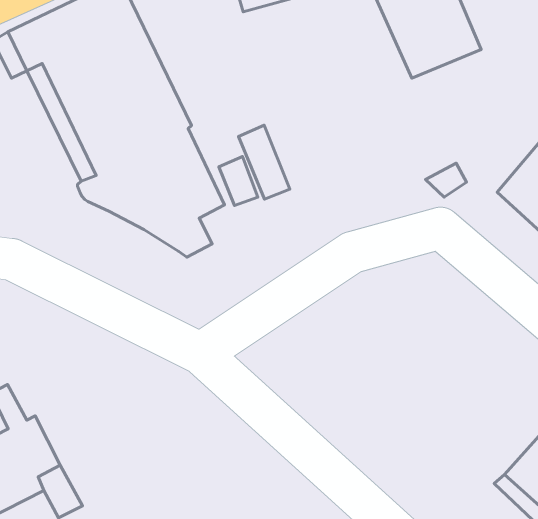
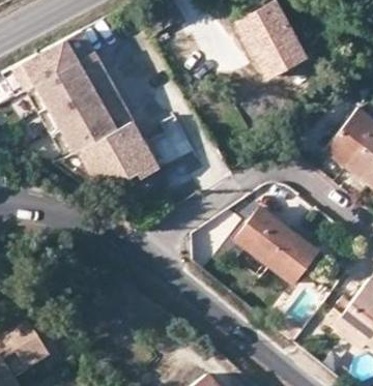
building: none -> [234,207,319,287]

